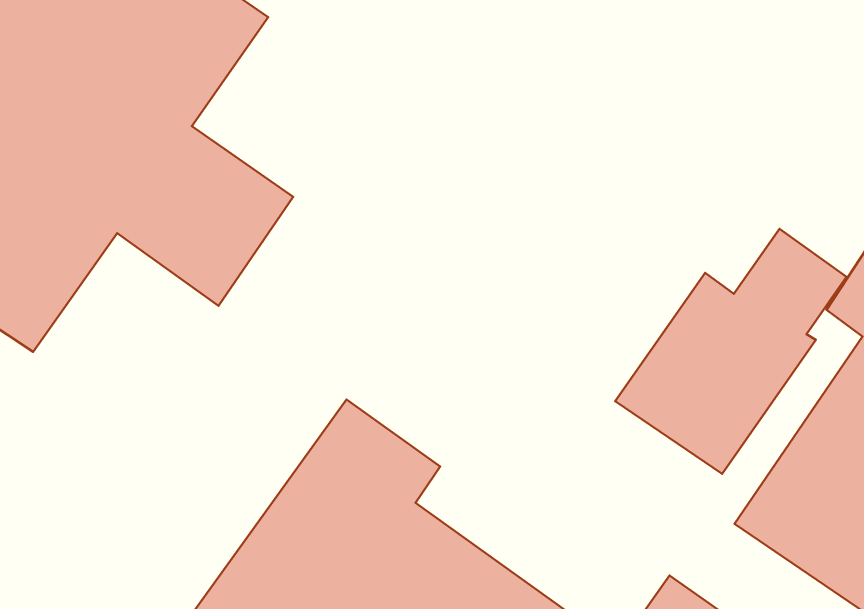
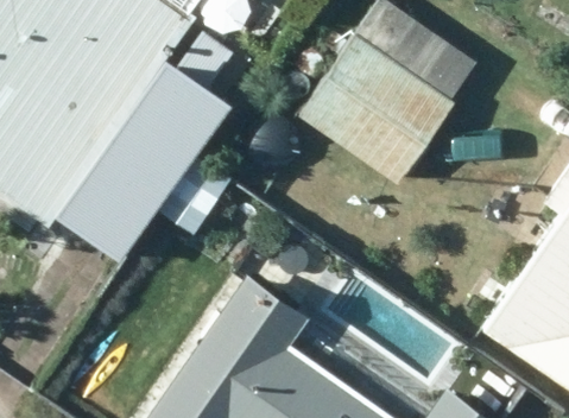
building: [615,229,847,474] -> [333,36,476,188]

